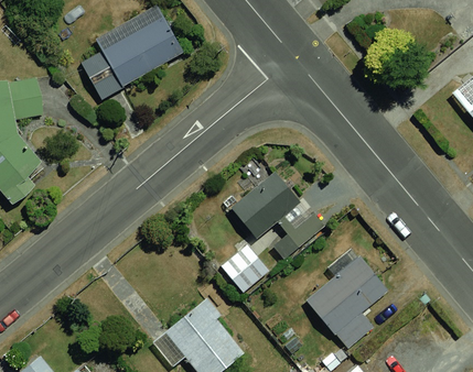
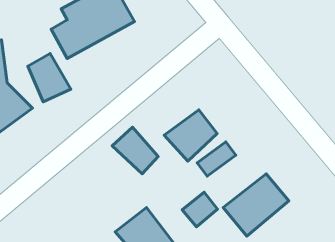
building: none -> [28,54,71,102]
building: none -> [112,127,158,174]
building: [221,250,267,295] -> [182,192,218,227]

